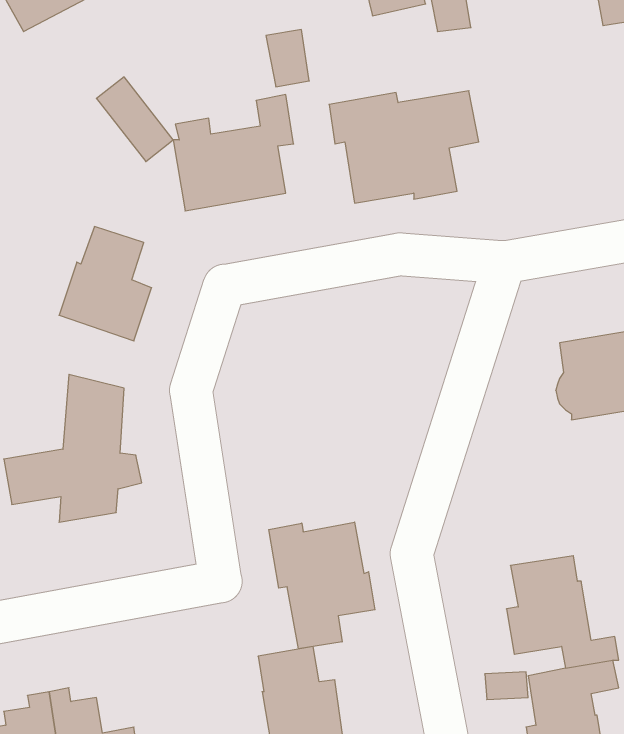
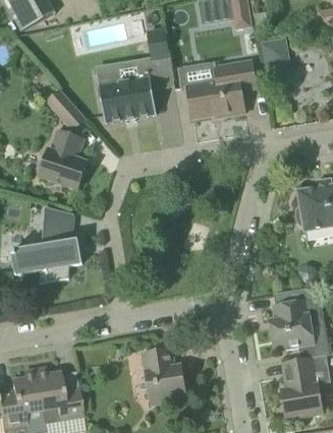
building: none -> [261,37,290,66]
building: [96,77,173,162] -> [47,85,87,129]
building: [269,522,375,649] -> none

